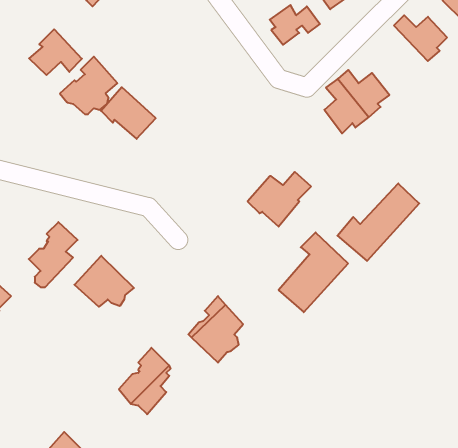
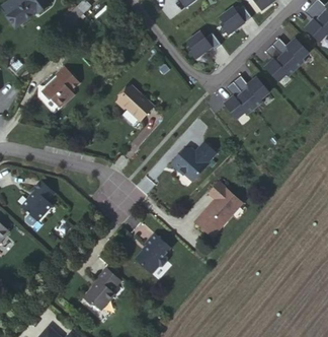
building: none -> [264,44,295,80]
building: [29,29,82,75] -> none
building: [101,87,156,139] -> [117,84,155,120]
building: [337,183,419,261] -> none
building: [74,256,134,307] -> none

